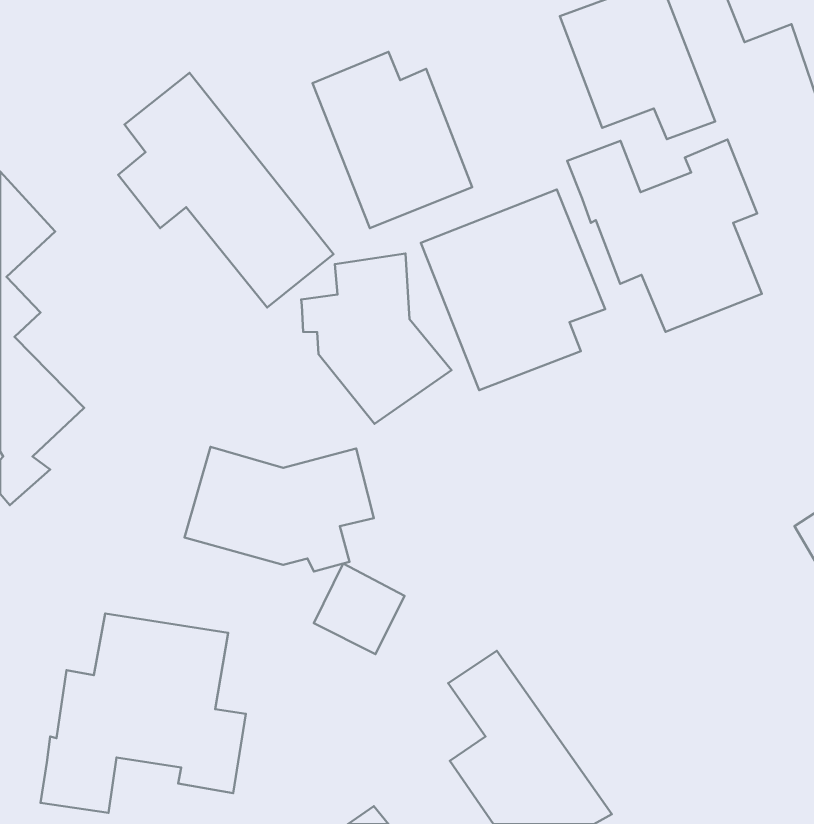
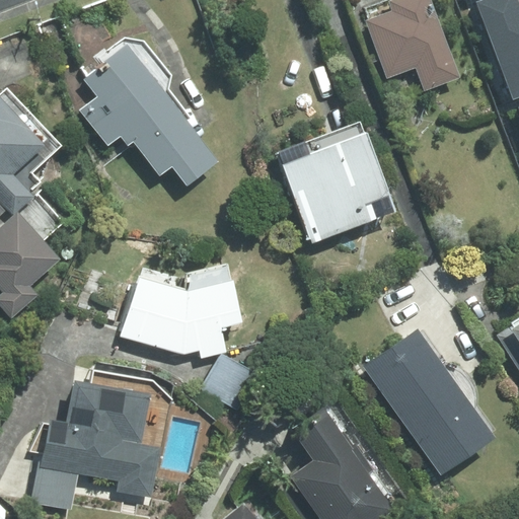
building: [312,52,472,228] -> none
building: [567,139,762,332] -> none
building: [301,253,452,424] -> none
building: none -> [363,325,492,474]

